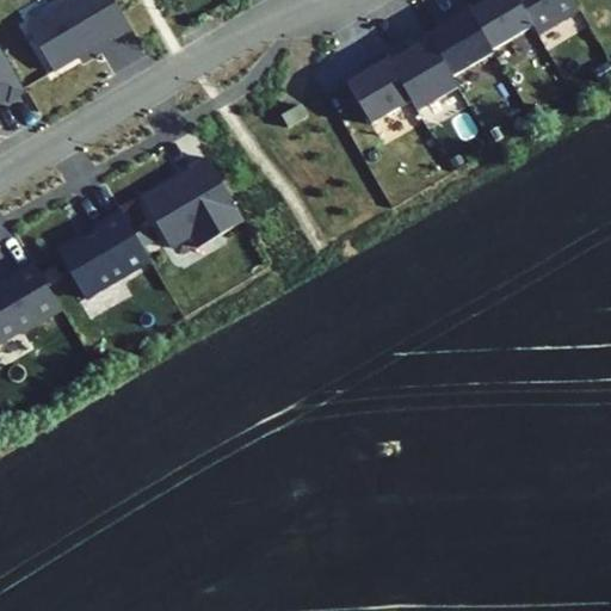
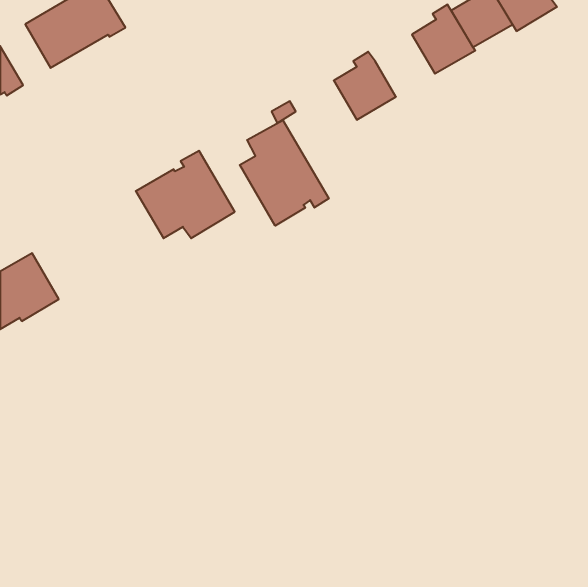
building: [389,36,457,111] -> none
building: none -> [240,120,329,226]
building: [56,210,149,297] -> none

